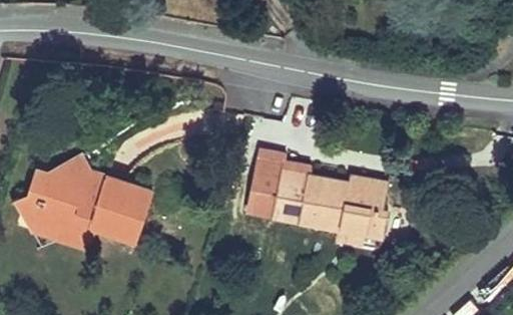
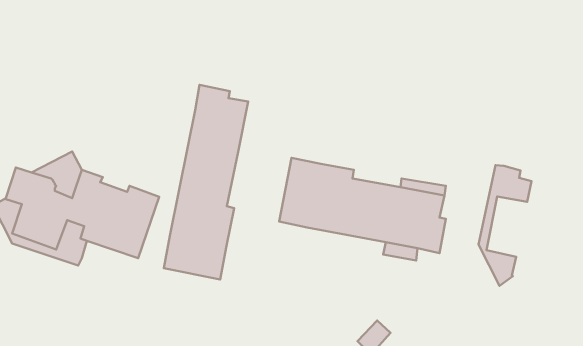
building: none -> [164,85,248,280]
building: none -> [478,165,531,286]

